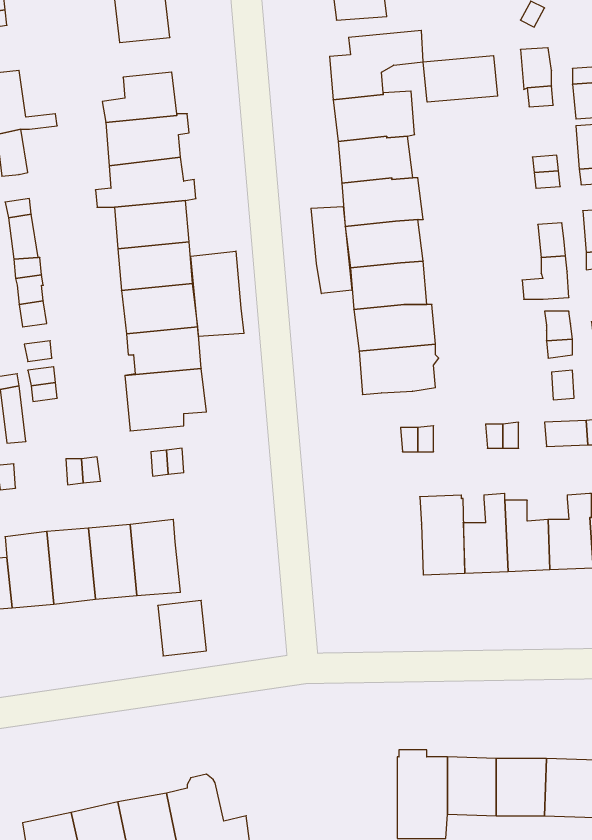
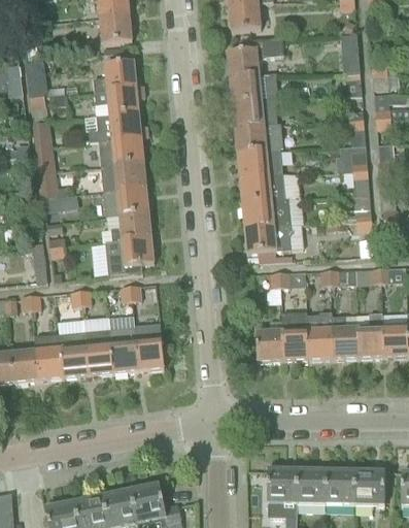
building: [423,56,498,102] -> none
building: [311,207,352,294] -> none
building: [191,251,244,337] -> none
building: none -> [255,330,282,361]
building: [158,600,206,656] -> [135,337,164,370]

